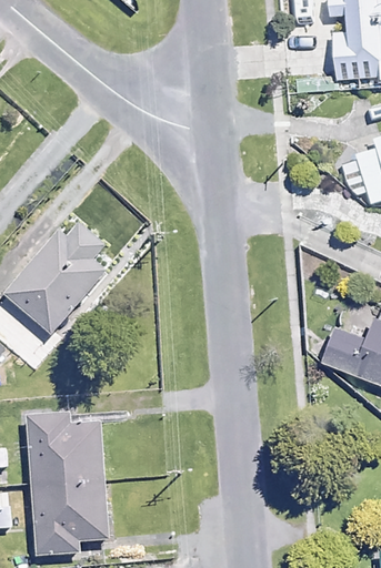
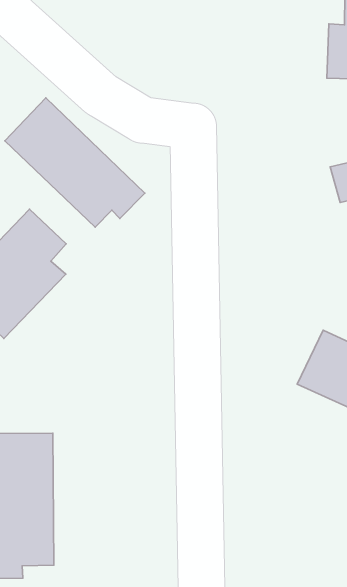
building: none -> [5,98,145,227]

